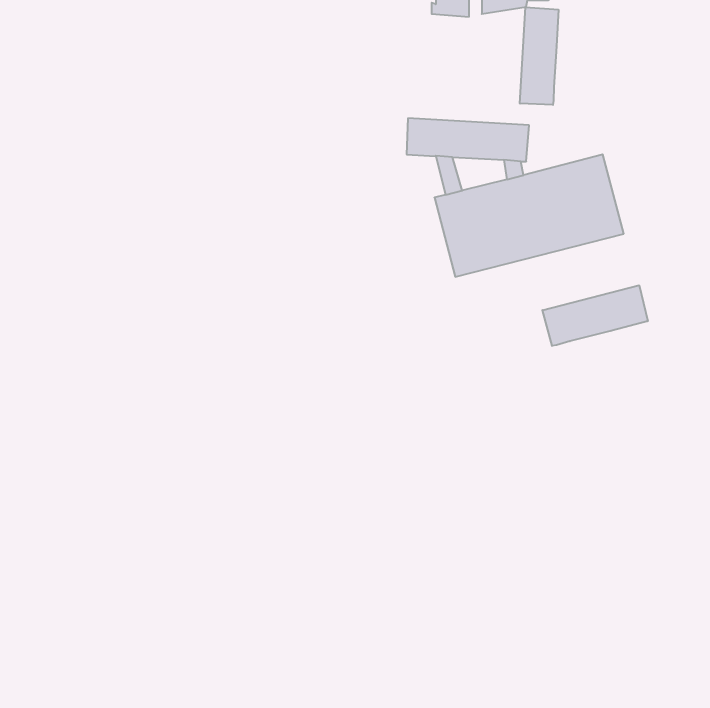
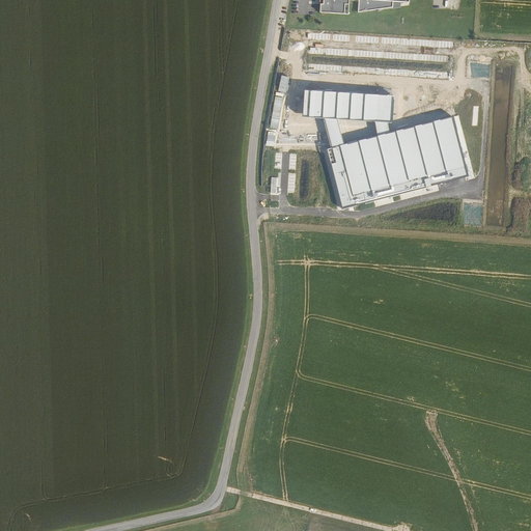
building: [520,7,558,105] -> none
building: [542,285,648,346] -> none

